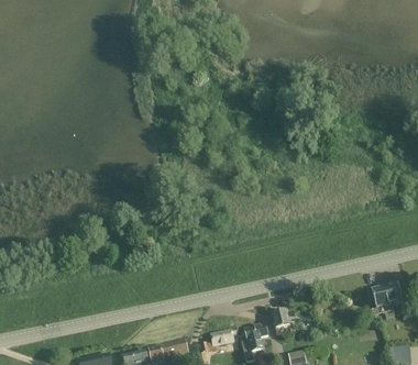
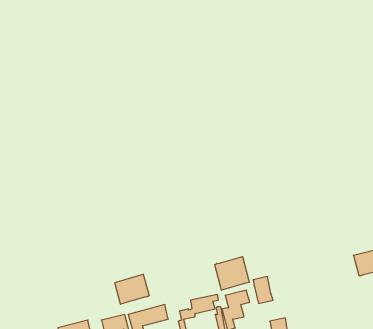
building: none -> [215,257,249,290]
building: none -> [115,274,149,304]

